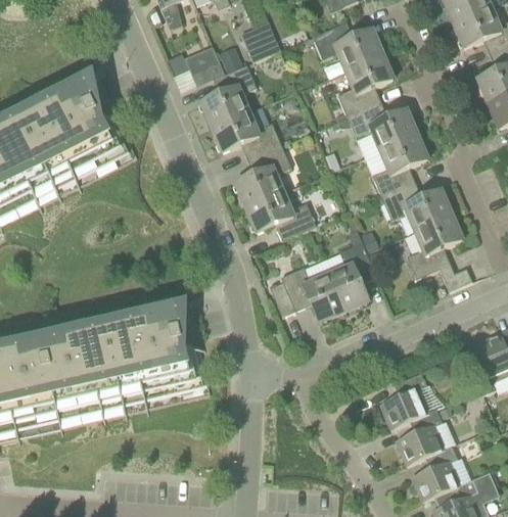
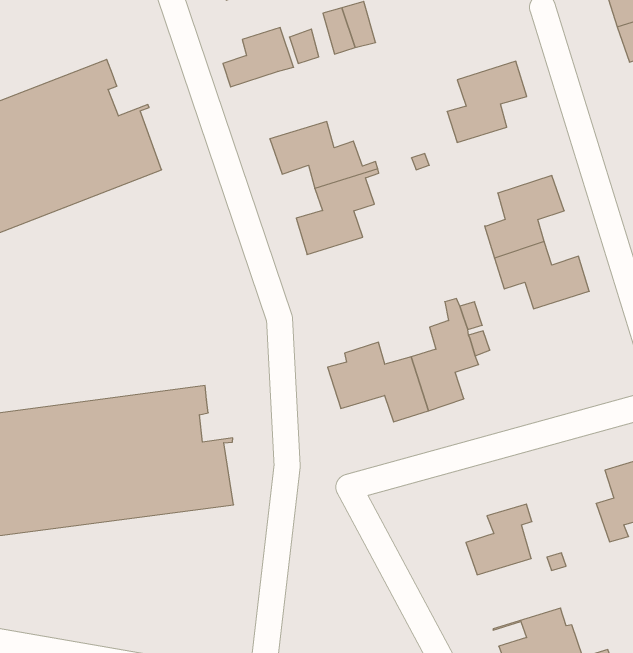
building: [312,18,382,69] -> none
building: [200,62,256,125] -> none
building: [337,100,416,154] -> none
building: [245,189,315,237] -> none
building: [406,213,471,288] -> none
building: [389,406,463,462] -> none

